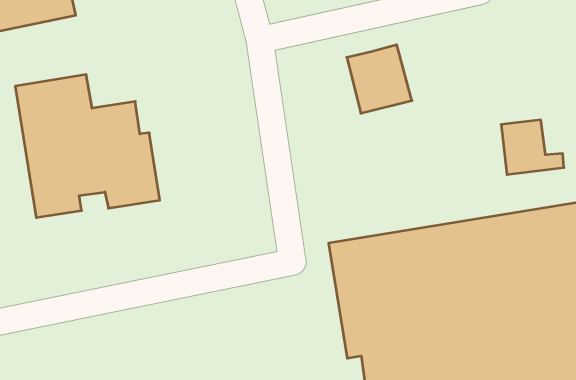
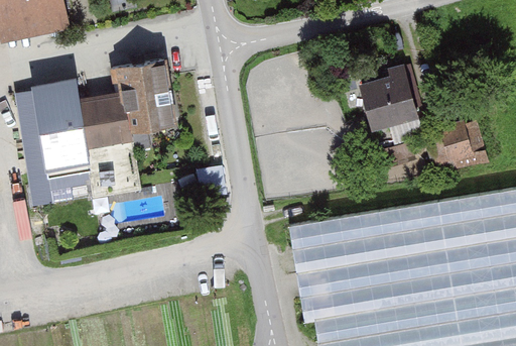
building: [347,45,412,113] -> [361,67,417,126]
building: none -> [114,61,175,131]

